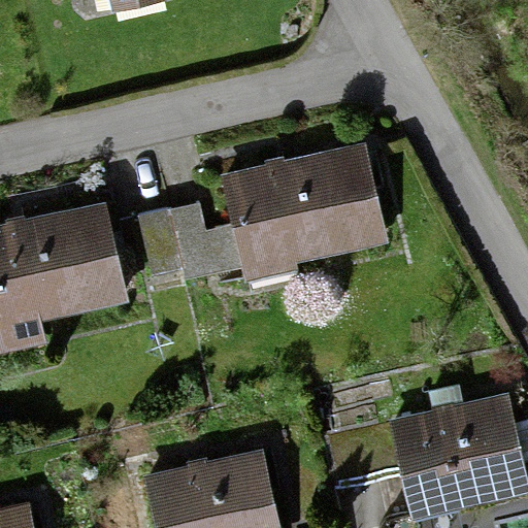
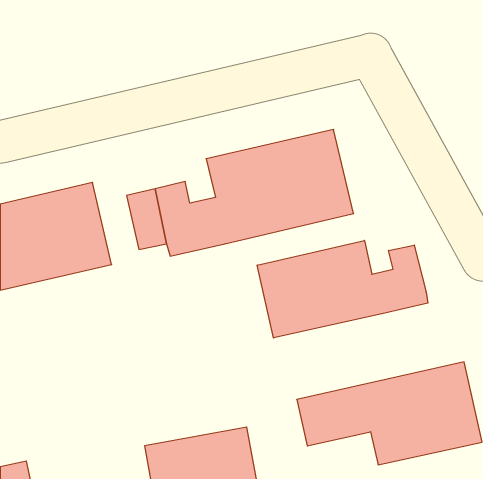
building: none -> [257,240,428,338]

